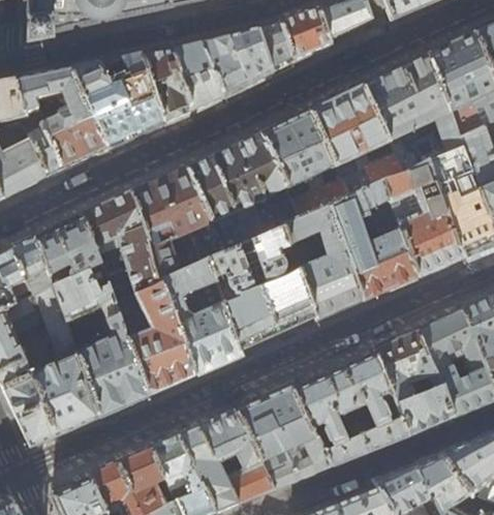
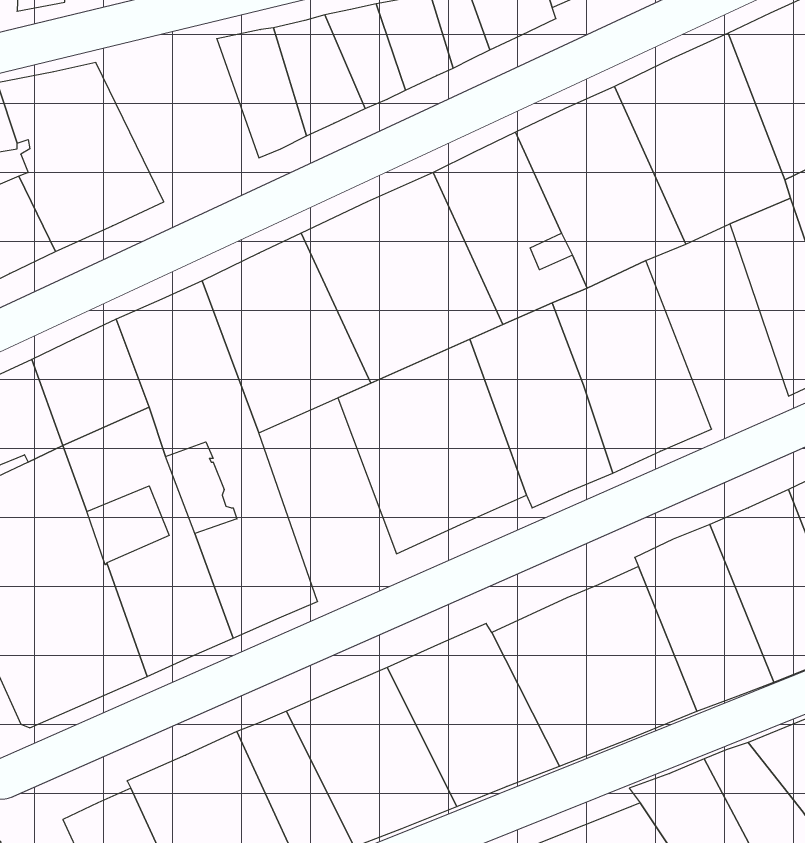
building: [70,56,162,148] -> none
building: [380,160,461,276] -> none
building: [162,259,242,373] -> none

